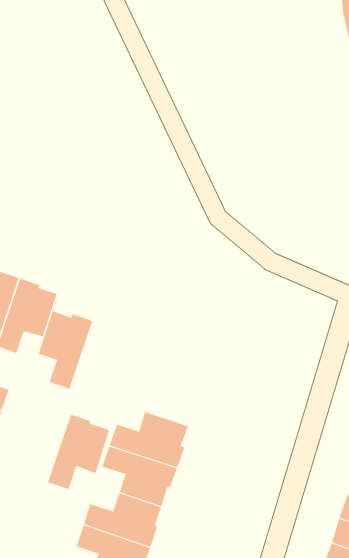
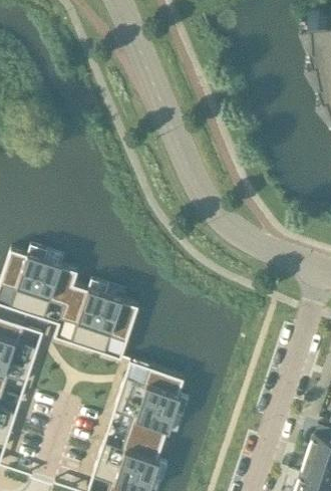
building: [47,414,110,490] -> [87,293,138,355]

